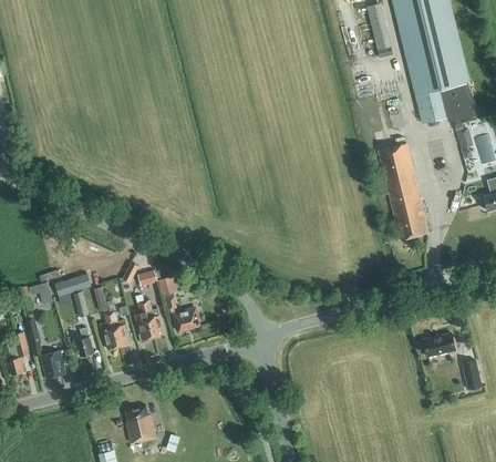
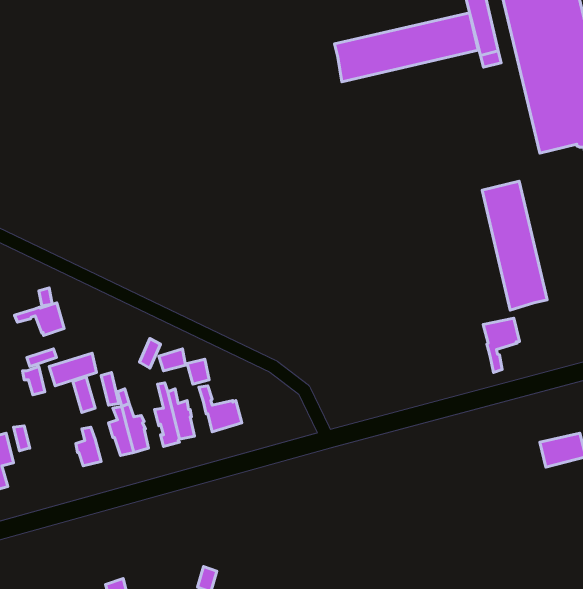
building: none -> [335,13,478,82]
building: none -> [14,303,64,335]
building: none -> [483,318,520,373]
building: [40,351,65,379] -> none
building: [125,405,157,444] -> none

